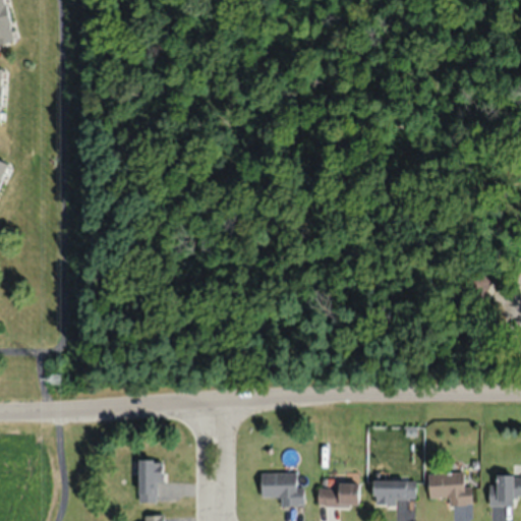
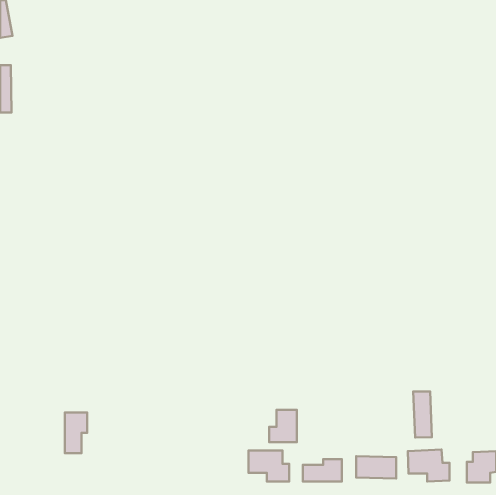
building: none -> [413,391,432,437]
building: none -> [269,410,297,442]
building: [138,460,162,503] -> [65,412,87,453]

